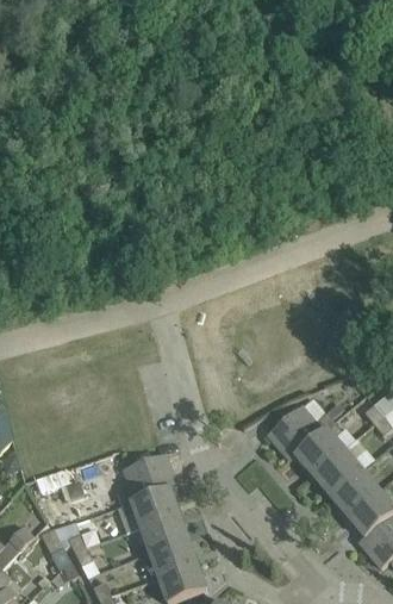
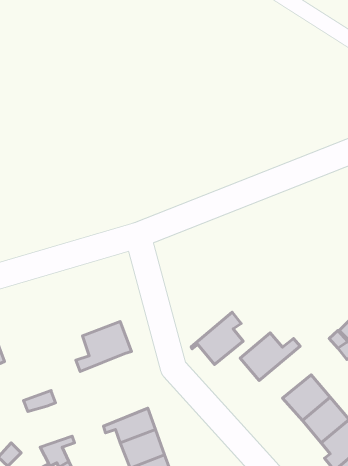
building: [288,419,344,475] -> [191,312,243,364]
building: [117,452,176,505] -> [76,321,131,371]

